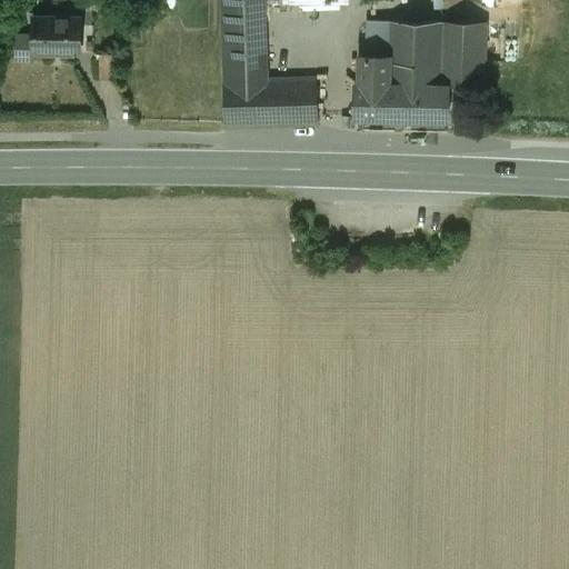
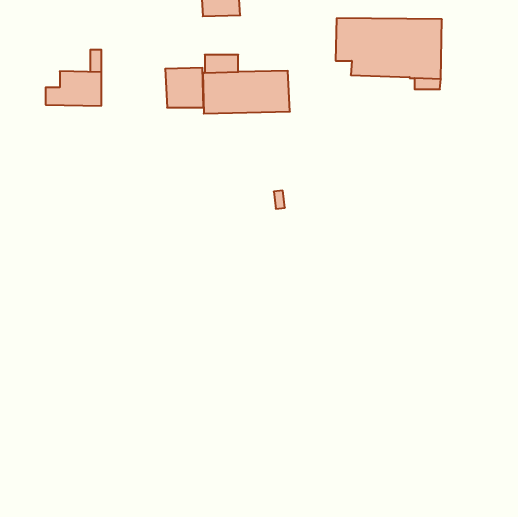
building: [18,16,79,53] -> [46,71,101,106]
building: [222,17,264,60] -> [165,68,204,108]
building: [356,82,449,119] -> none

